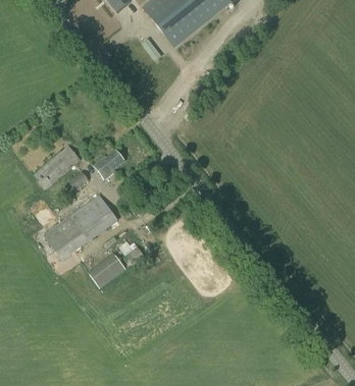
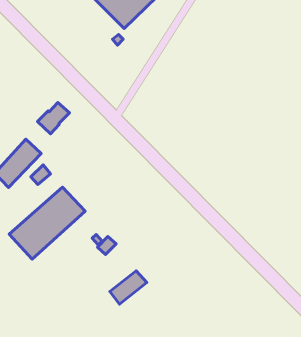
building: [93,149,124,178] -> [38,102,70,134]
building: [91,255,128,285] -> [110,271,147,304]

